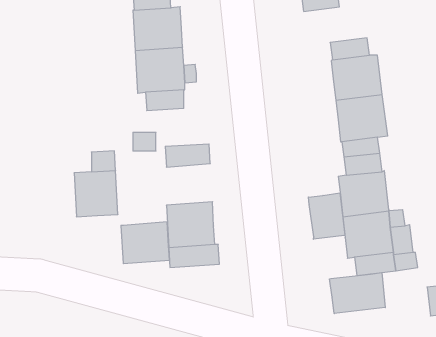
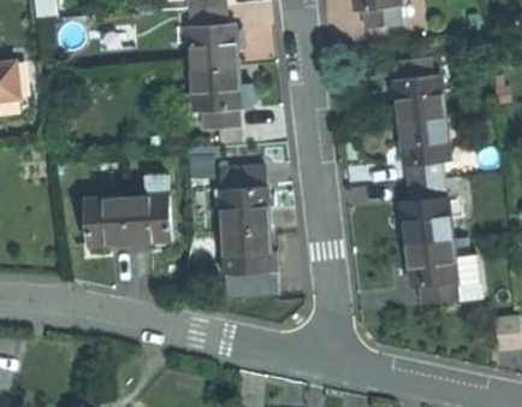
building: none -> [82,196,127,244]
building: [308,193,345,239] -> none
building: [121,222,169,264] -> [219,187,269,230]
building: [330,273,385,314] -> none

